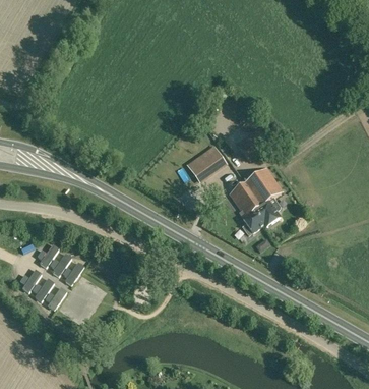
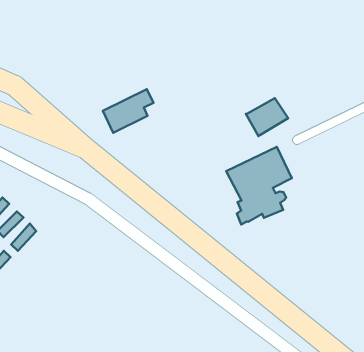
building: [188,141,228,180] -> [103,89,153,133]

